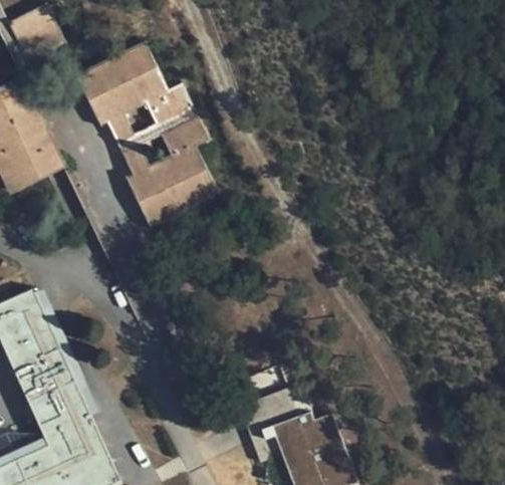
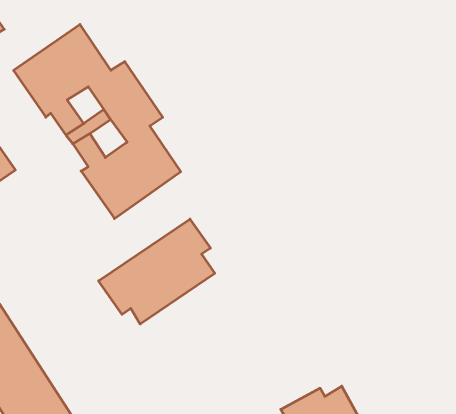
building: none -> [99,219,215,324]

